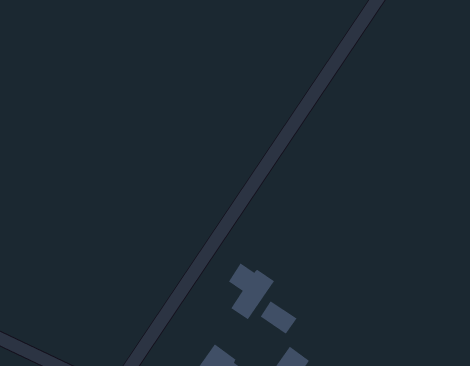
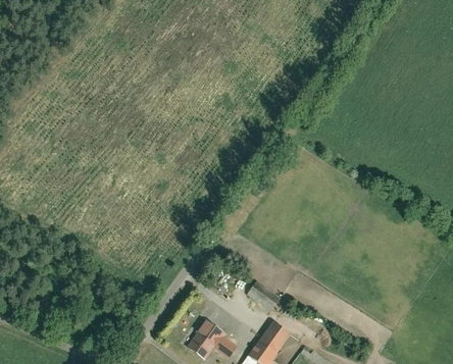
building: [228,263,275,320] -> none

